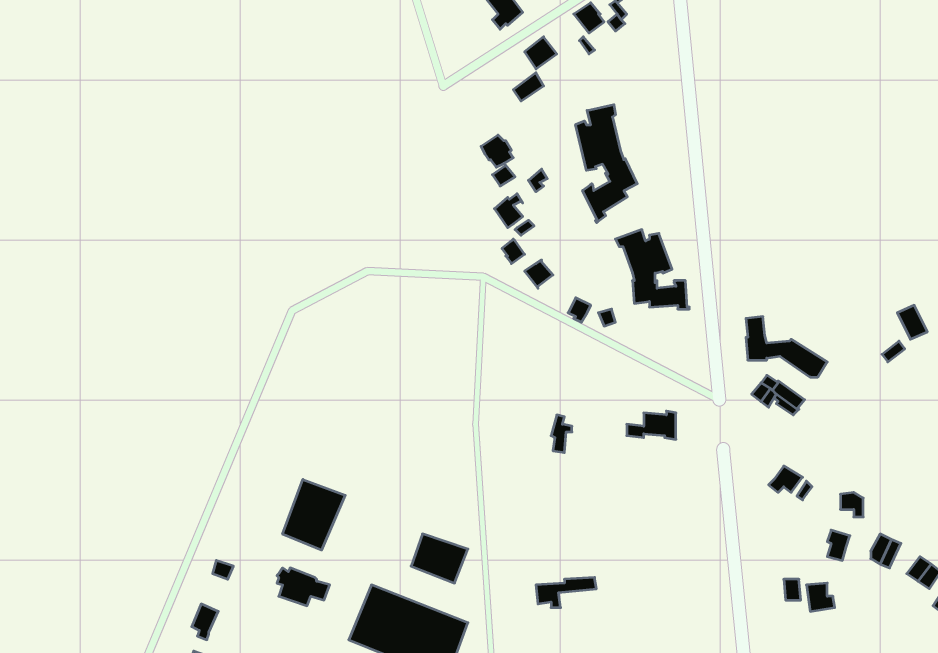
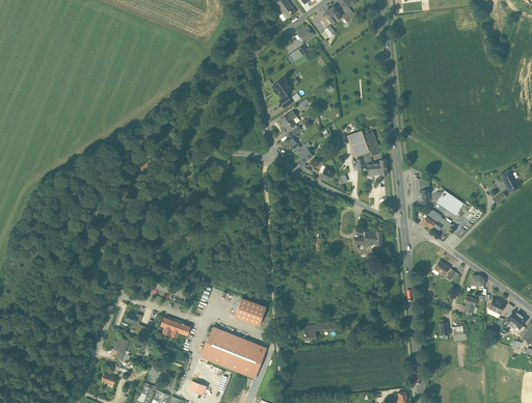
building: [576,105,637,223] -> none
building: [283,479,345,550] -> none

